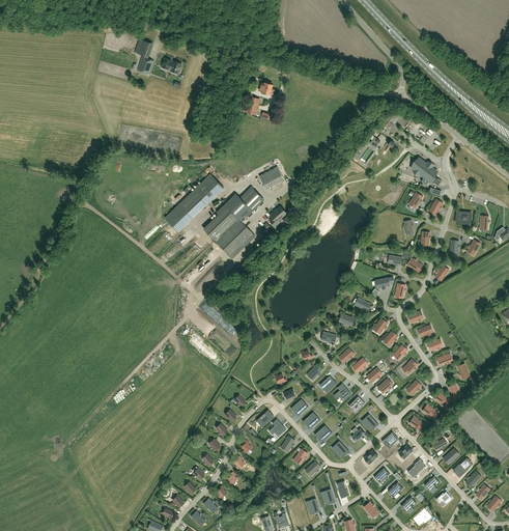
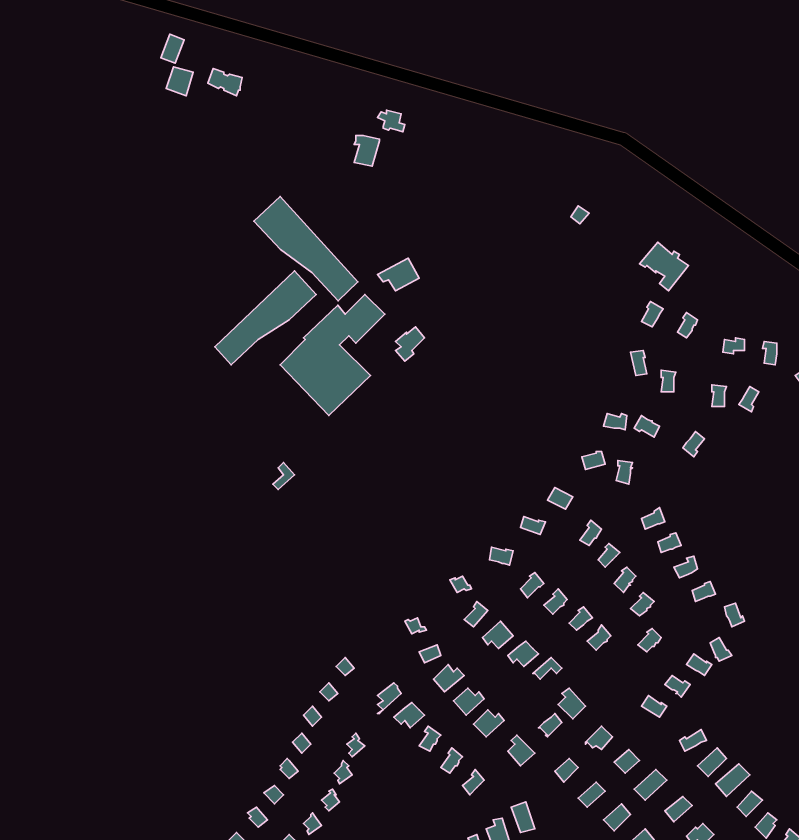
building: none -> [254,196,358,301]

